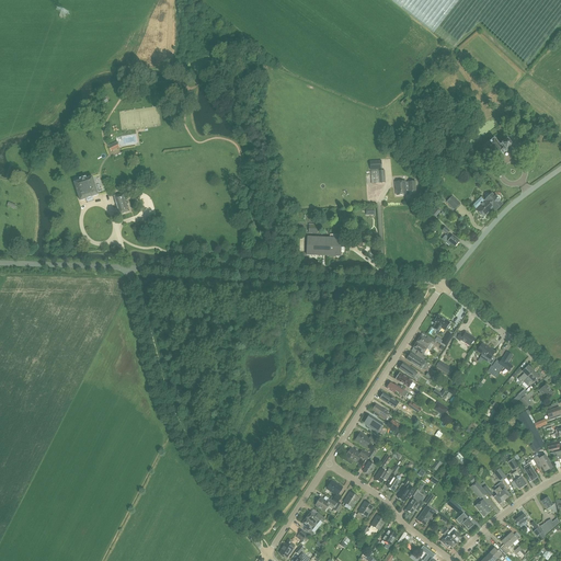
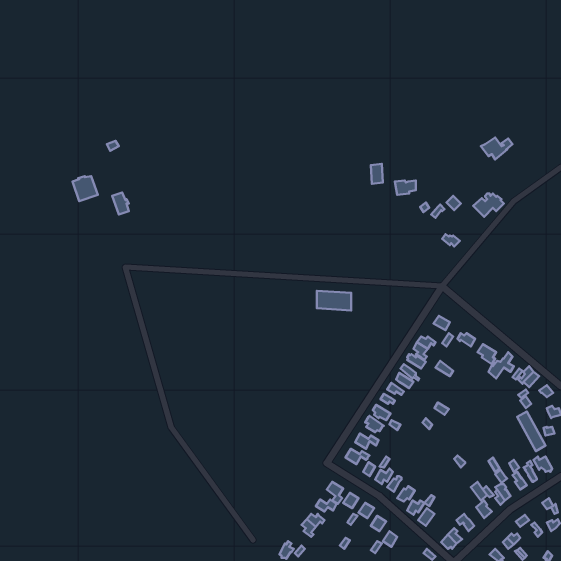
building: [306,236,340,255] -> [317,291,351,311]

